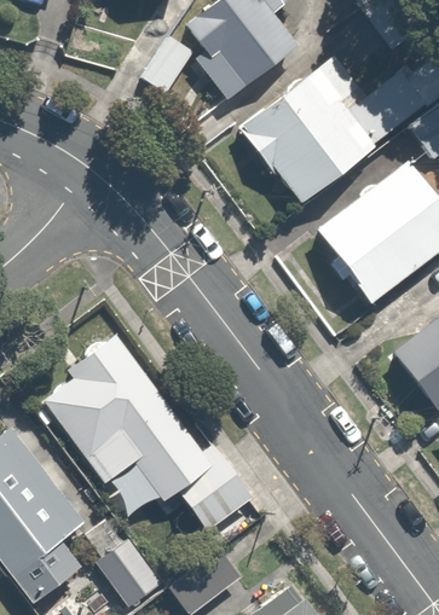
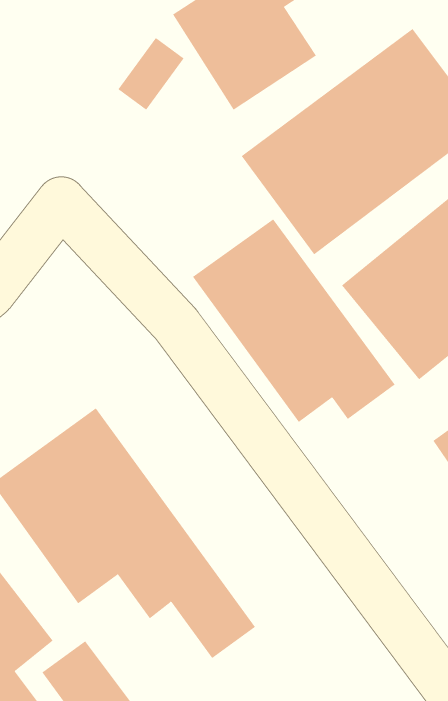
building: none -> [192,218,395,423]

